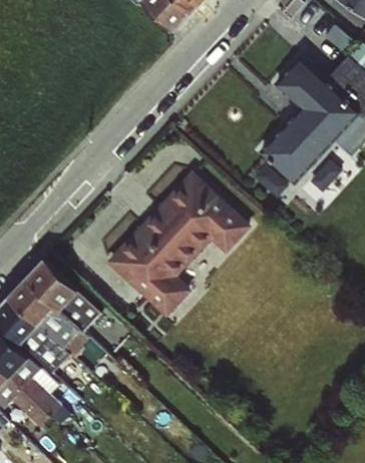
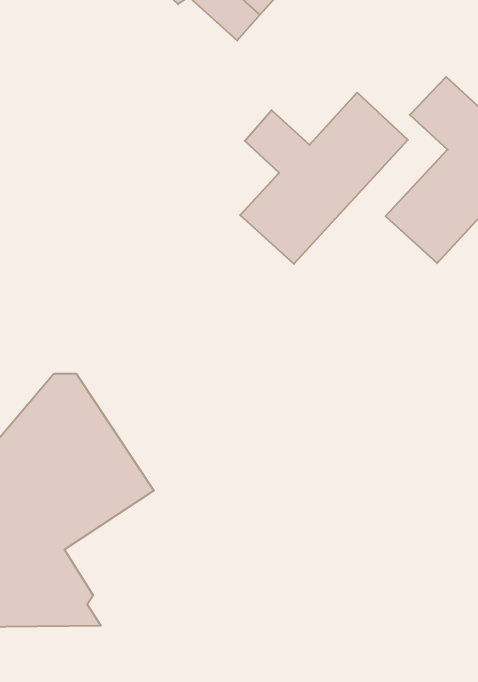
building: none -> [240,93,408,264]
building: [105,168,253,318] -> none

